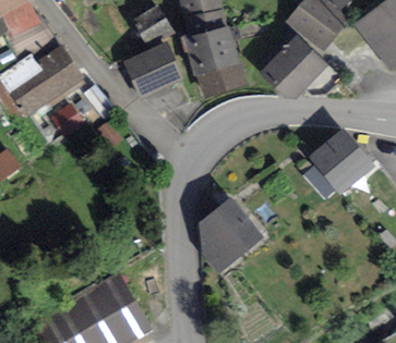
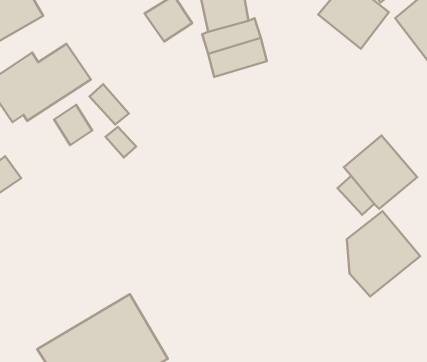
building: [263,36,326,100] -> none
building: [123,42,183,97] -> none
building: [196,62,247,98] -> none
building: [199,197,264,273] -> [347,211,420,297]

